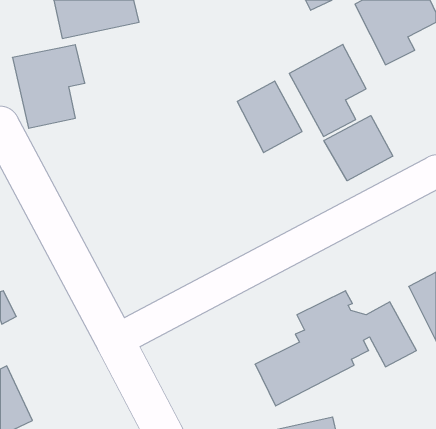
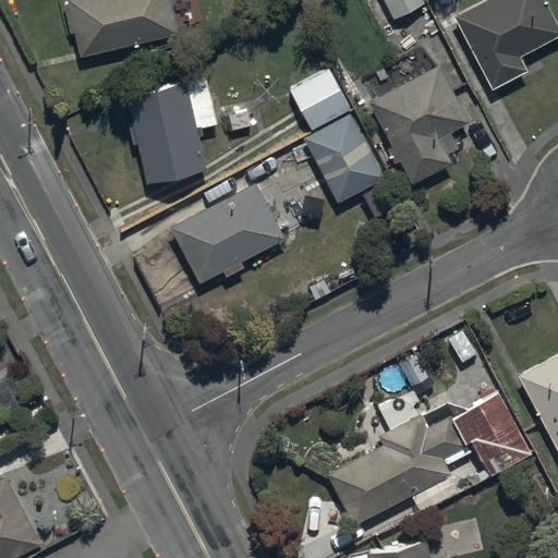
building: [12,45,85,128] -> [126,76,219,183]
building: none -> [290,70,350,130]
building: [324,116,393,181] -> none
building: none -> [170,183,284,283]

